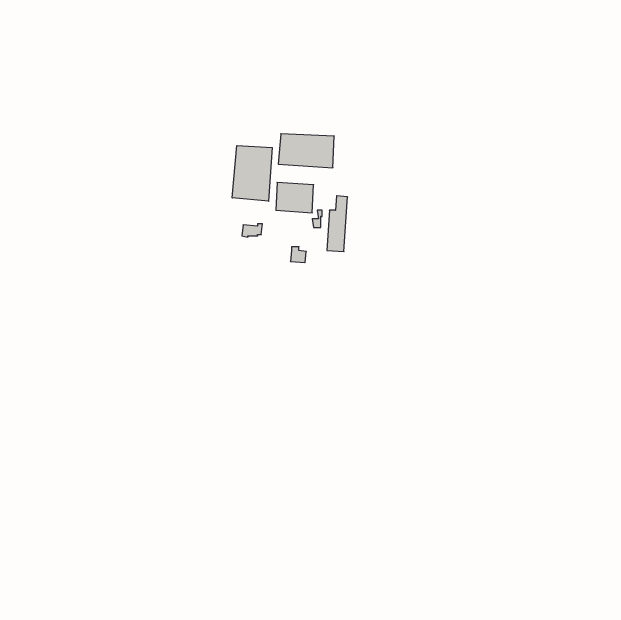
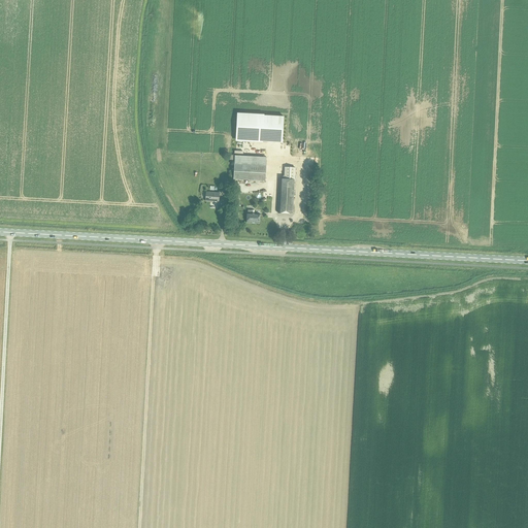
building: [232,146,272,201] -> none

